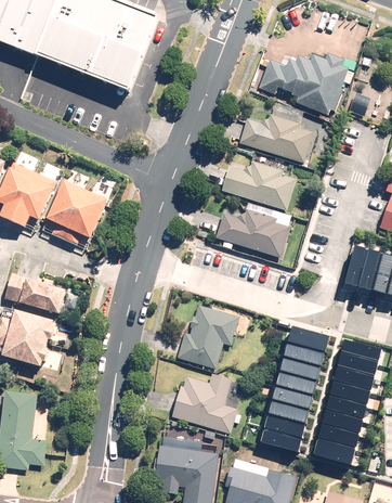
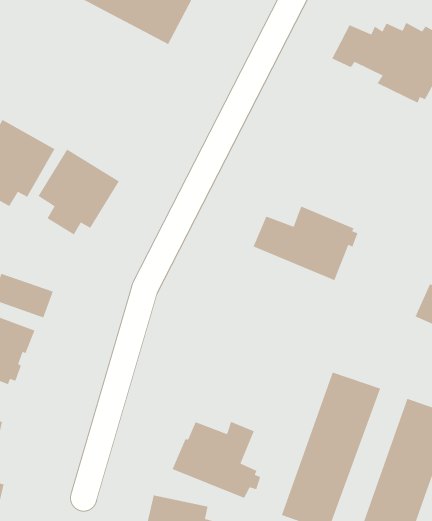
building: [239,103,315,166] -> none
building: [222,160,297,211] -> none
building: [179,306,239,367] -> none

